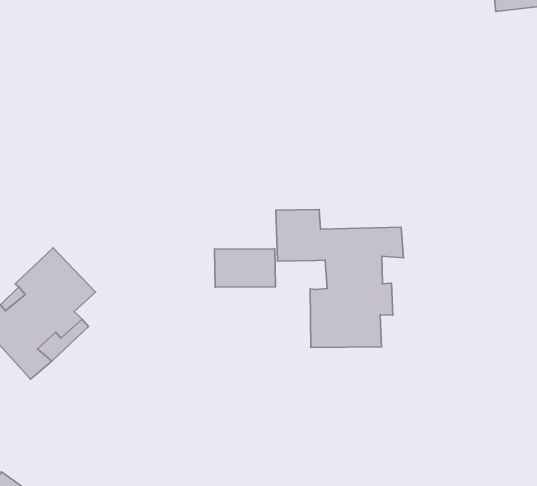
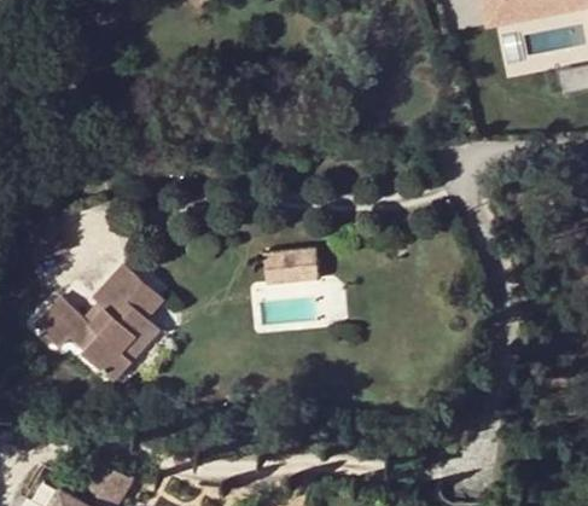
building: [276,209,404,347] -> none

